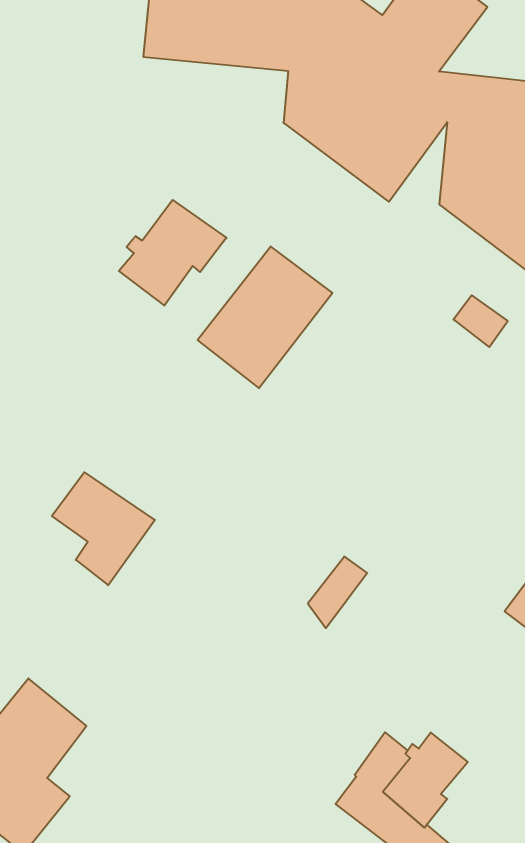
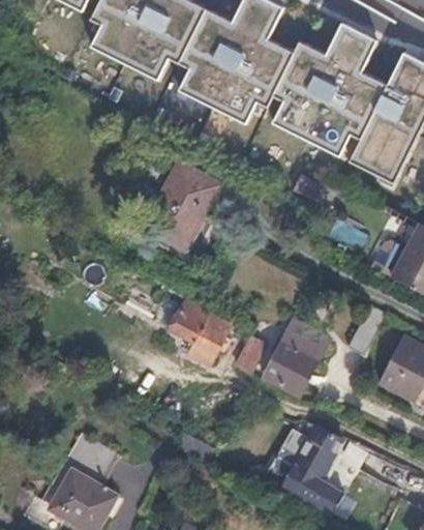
building: [119,200,227,306] -> none
building: [52,472,155,585] -> [173,303,232,365]
building: none -> [264,319,331,396]

